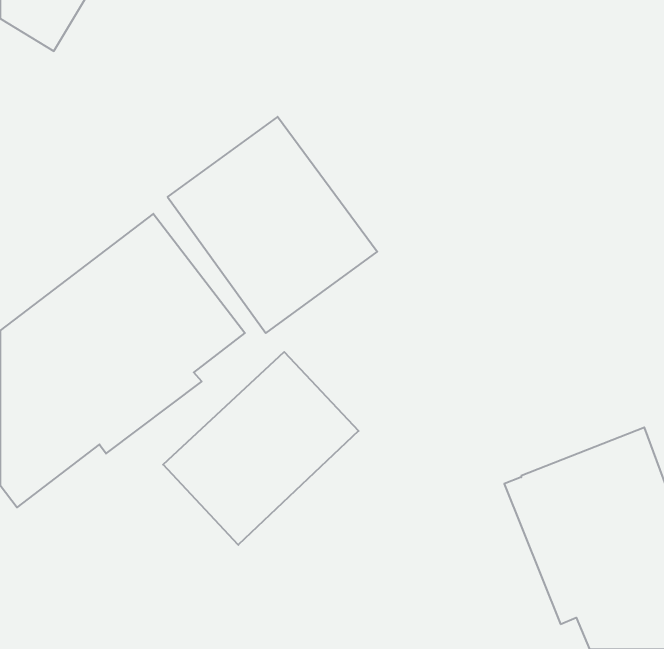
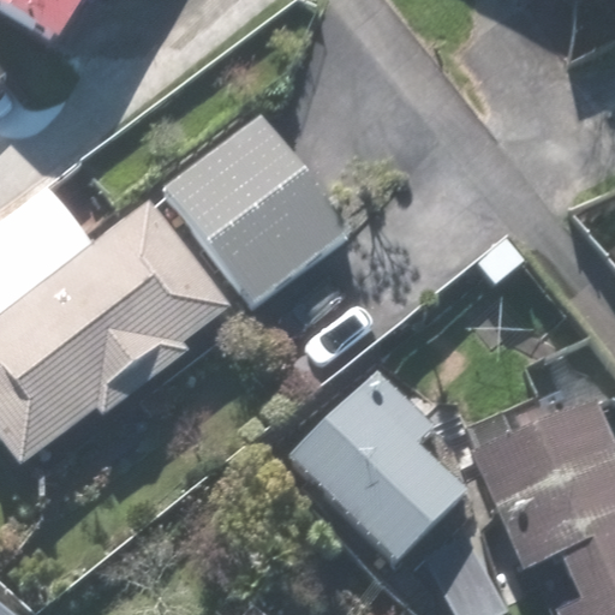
building: [163,352,359,545] -> none
building: none -> [282,362,467,567]

